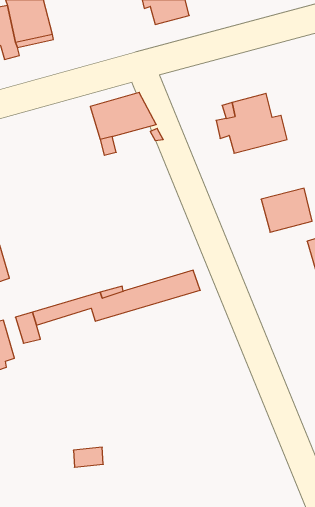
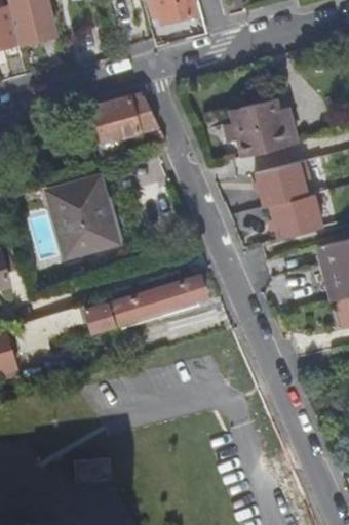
building: none -> [255,159,314,207]
building: none -> [47,178,119,258]

